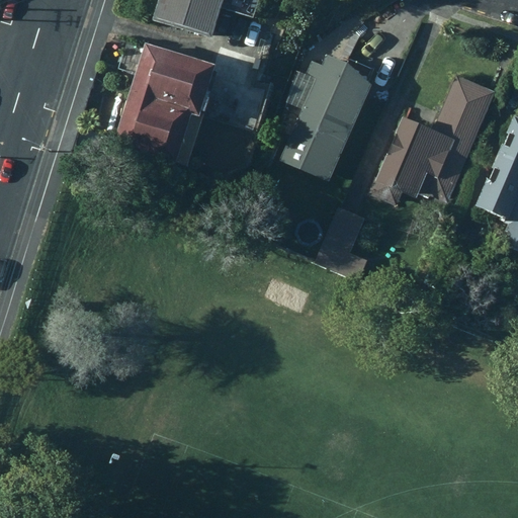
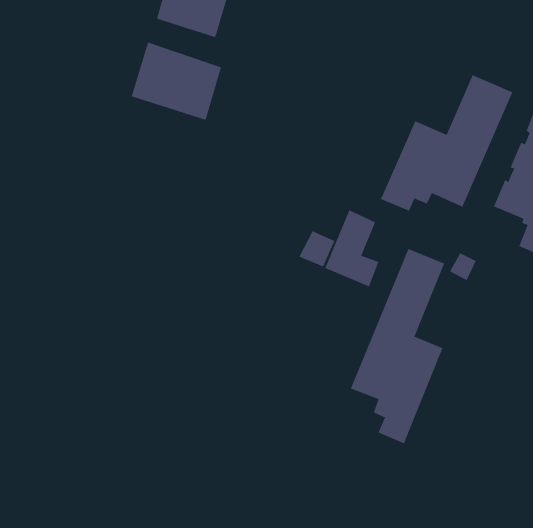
building: [280,50,374,181] -> none
building: [113,93,201,167] -> none
building: none -> [350,248,445,444]

